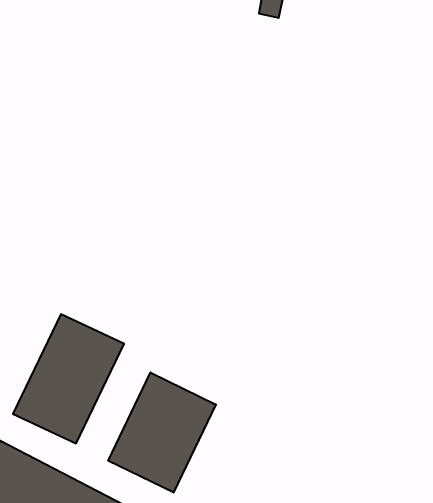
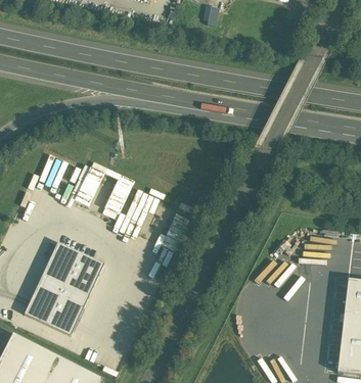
building: [108,372,216,493] -> none

